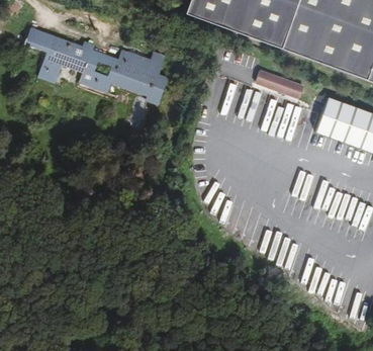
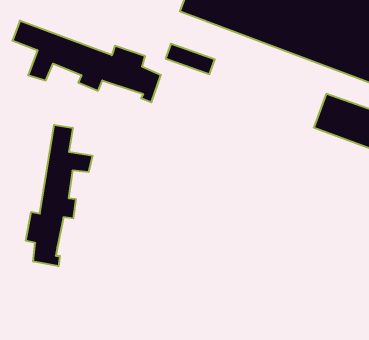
building: [246,65,293,94] -> [166,44,215,74]
building: none -> [26,125,92,266]

